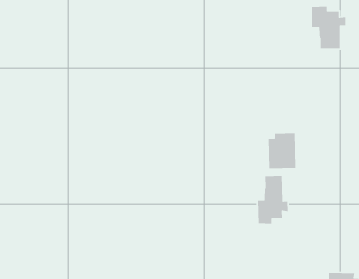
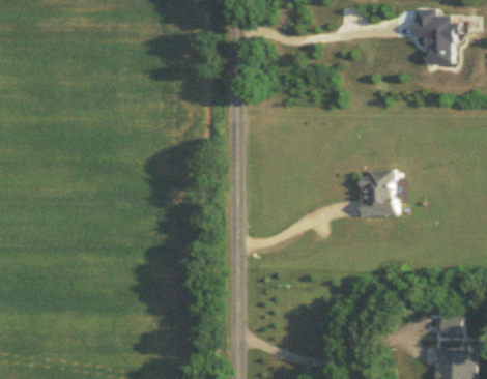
building: [257,175,288,224] -> none
building: none -> [439,315,461,336]

